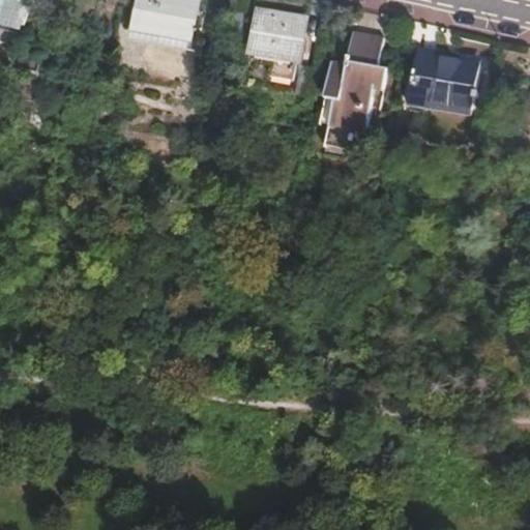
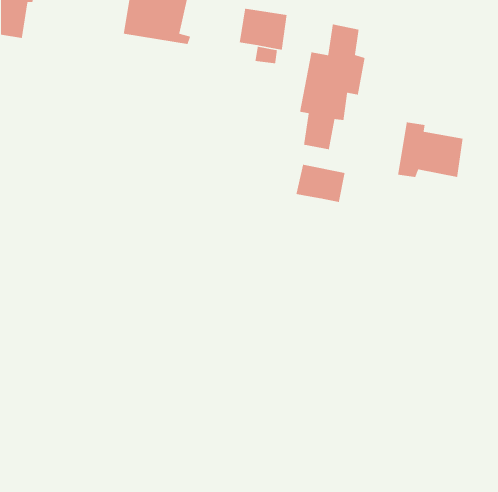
building: [410,46,480,106] -> [397,121,464,178]
building: none -> [296,164,345,203]

